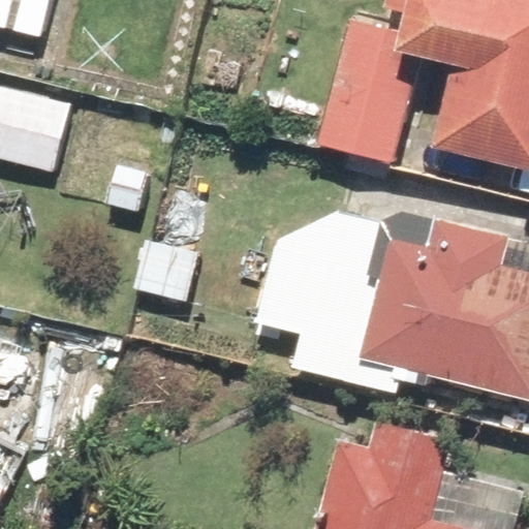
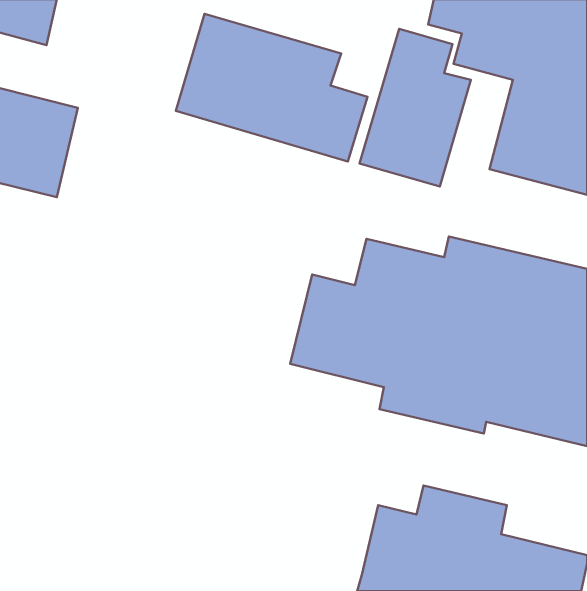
building: none -> [176,14,368,161]

